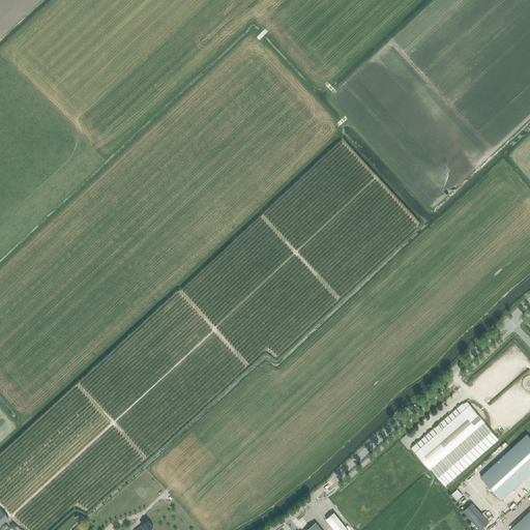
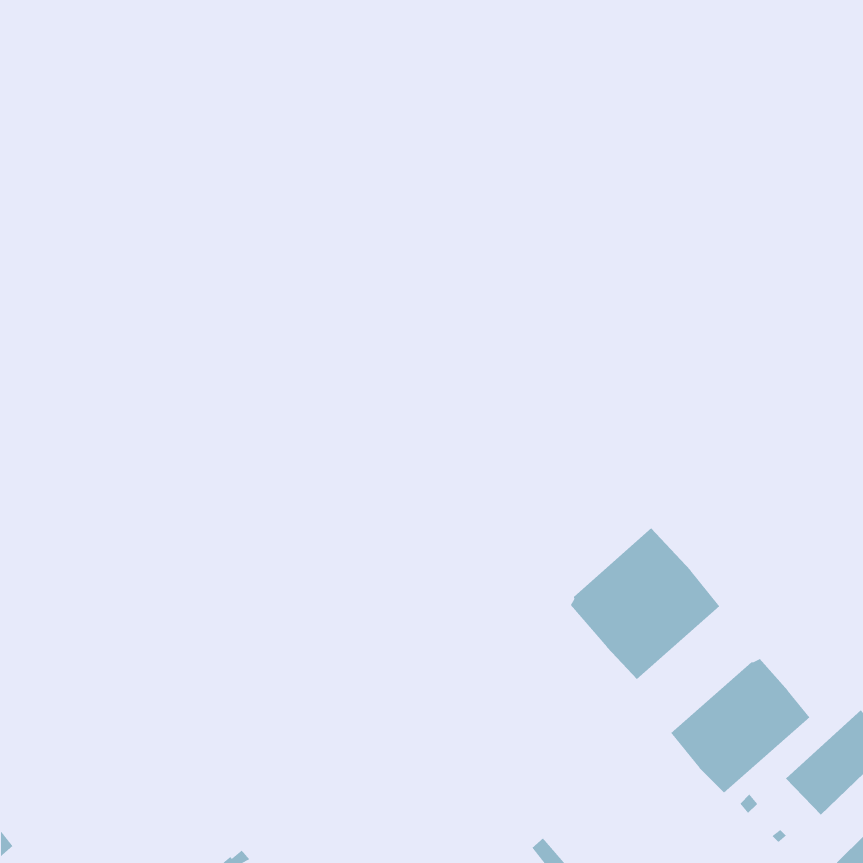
building: none -> [570,528,720,680]

